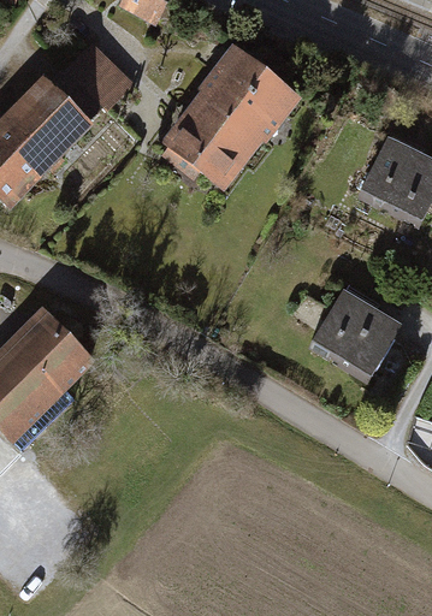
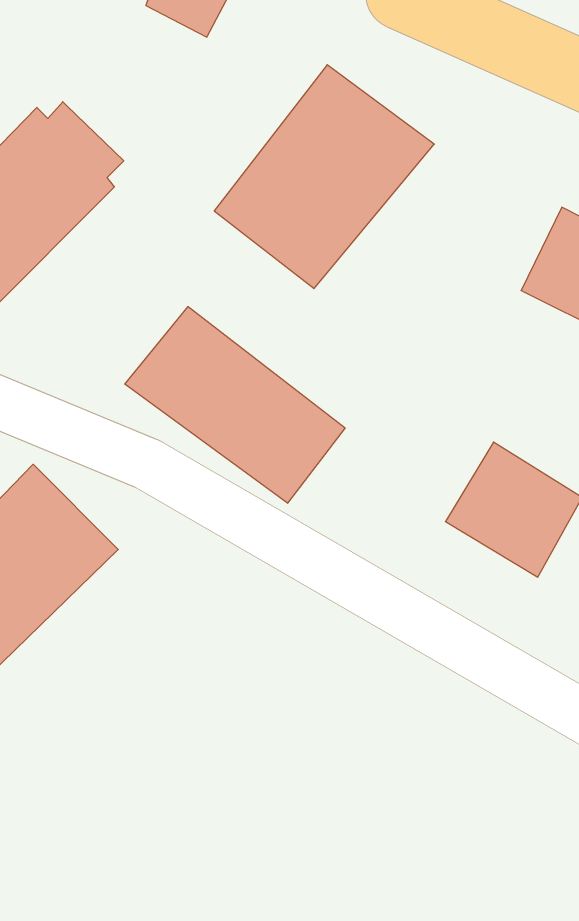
building: [64,41,135,112] -> none
building: none -> [125,307,345,503]

